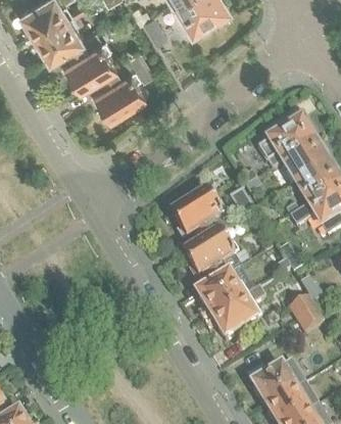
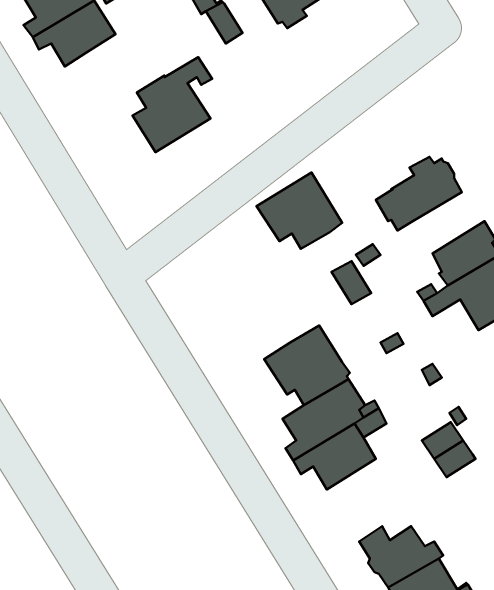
building: [64,31,116,88] -> none
building: [280,143,330,184] -> none
building: [170,192,228,243] -> [256,172,342,249]

